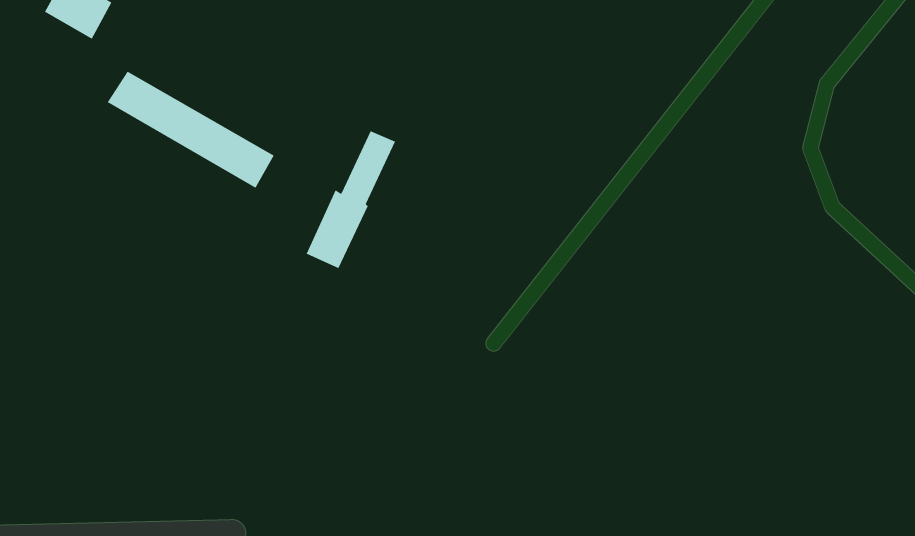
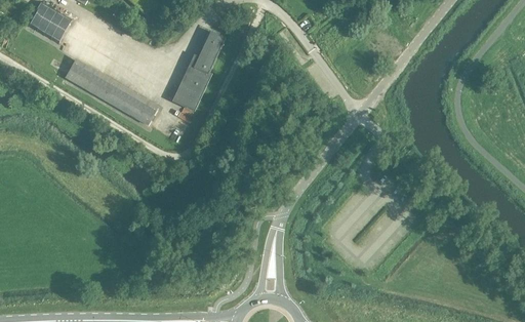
building: [306,130,396,269] -> [174,30,225,107]

